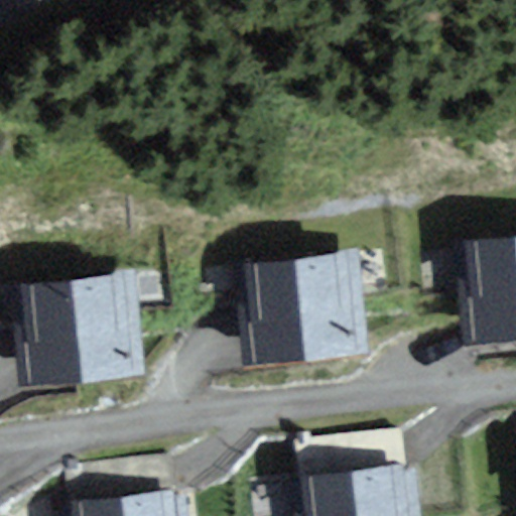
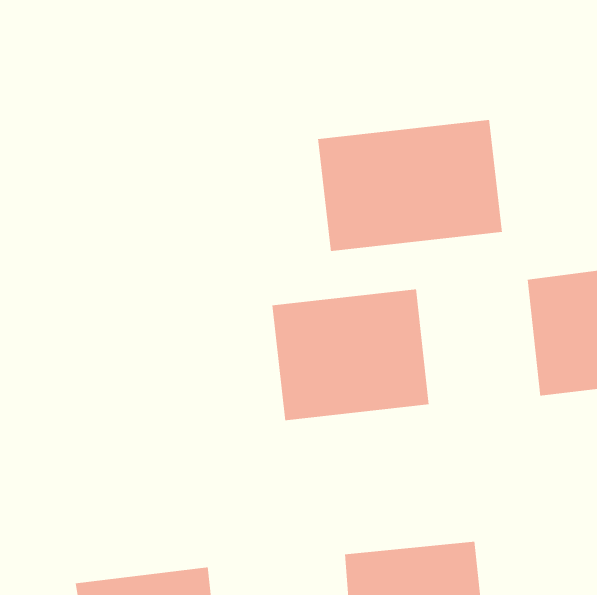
building: none -> [317,119,503,252]
building: [12,271,147,388] -> none

